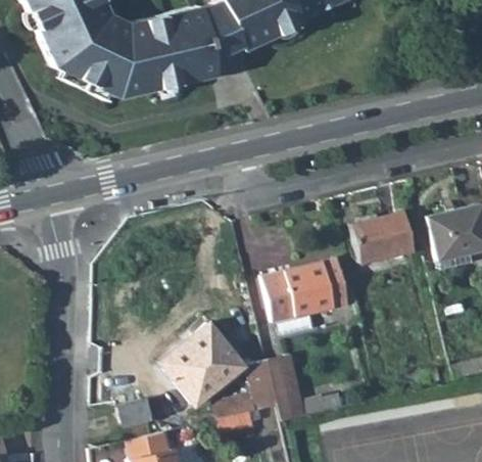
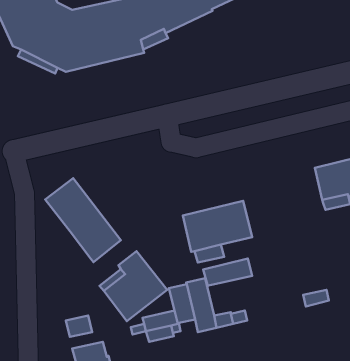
building: [351,212,414,262] -> none
building: none -> [45,178,121,262]
building: none -> [203,259,252,286]

